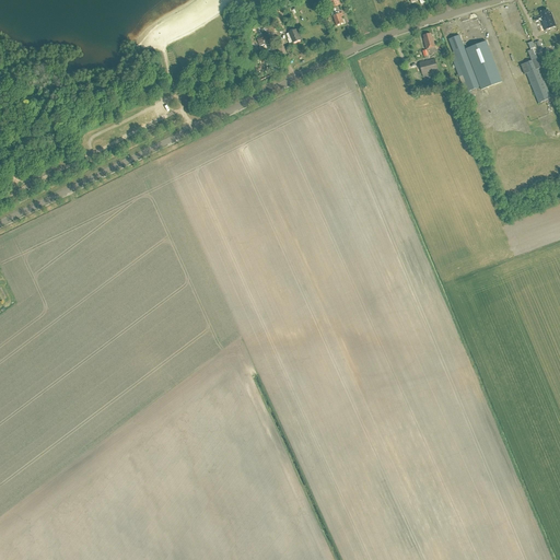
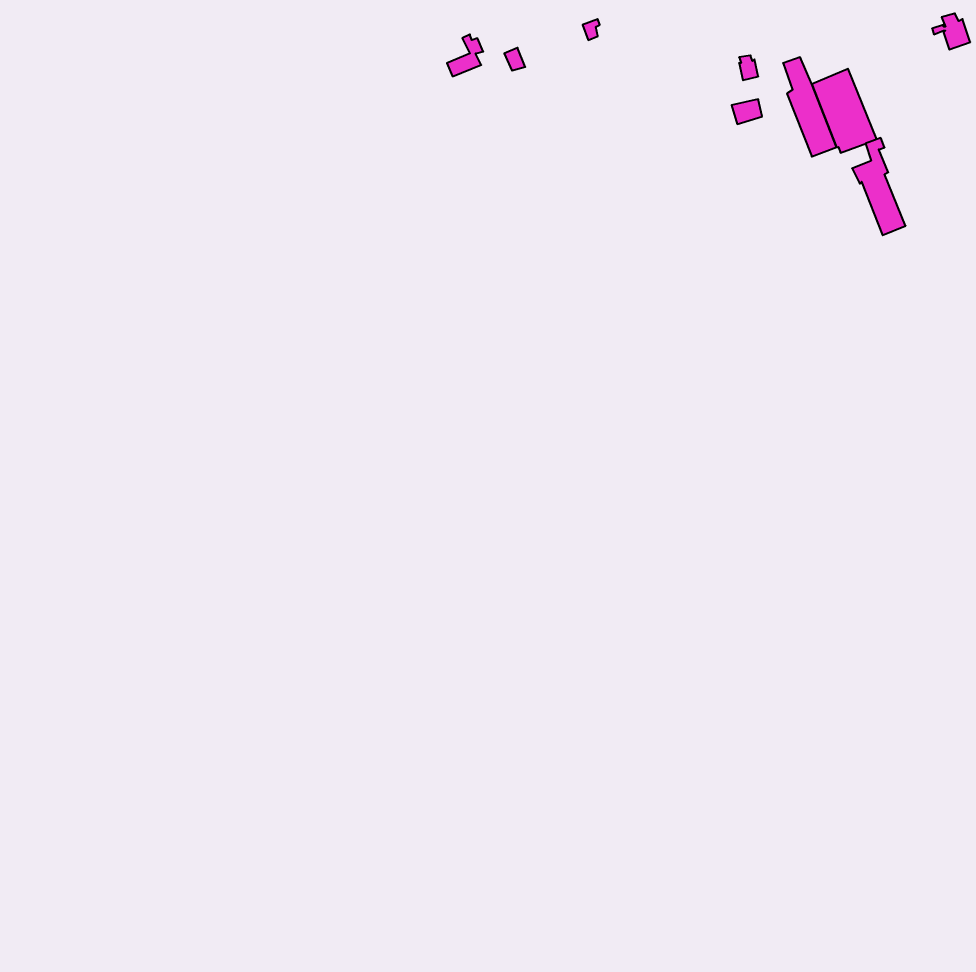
building: [521,46,551,102] -> [852,138,906,235]

